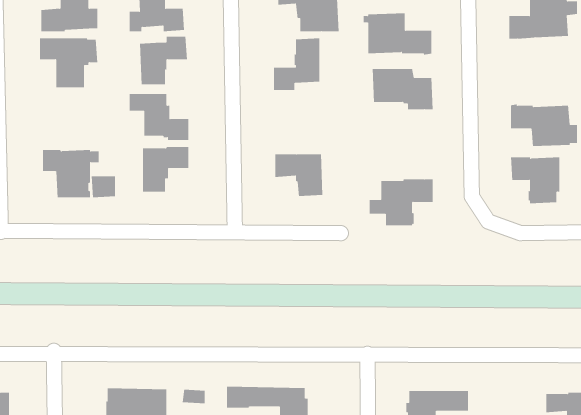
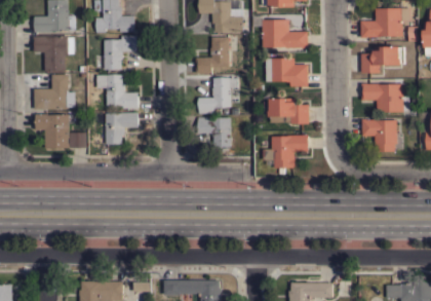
building: none -> [360,46,404,73]
building: none -> [34,74,68,109]
building: none -> [198,77,238,115]
building: none -> [263,99,308,123]

